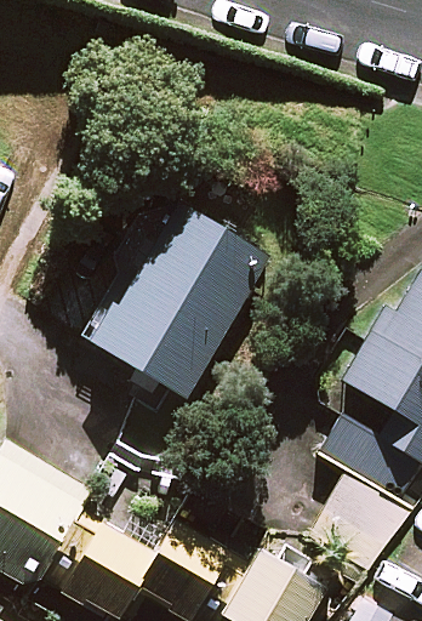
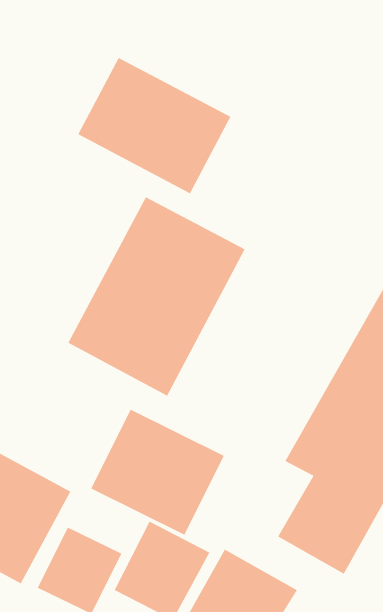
building: none -> [77,57,231,194]
building: none -> [91,409,224,536]

